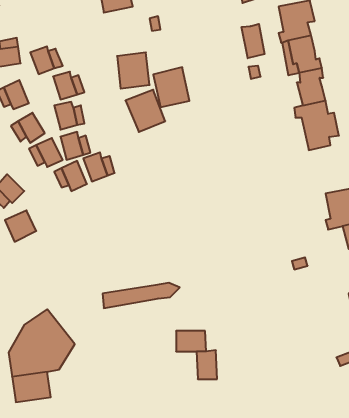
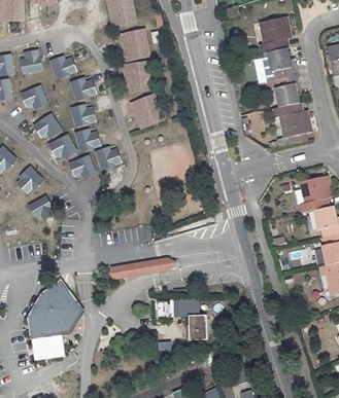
building: [242,24,265,58] -> none
building: [153,67,189,107] -> [118,27,149,61]

